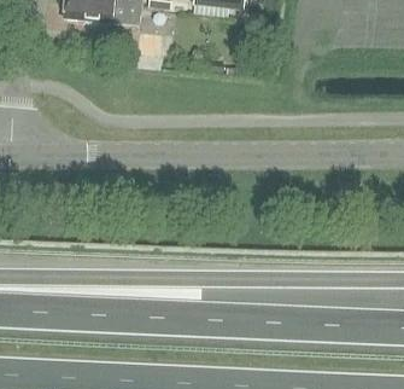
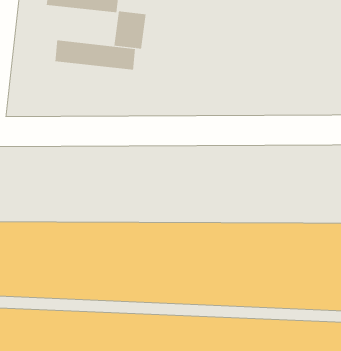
building: none -> [55,40,136,70]

